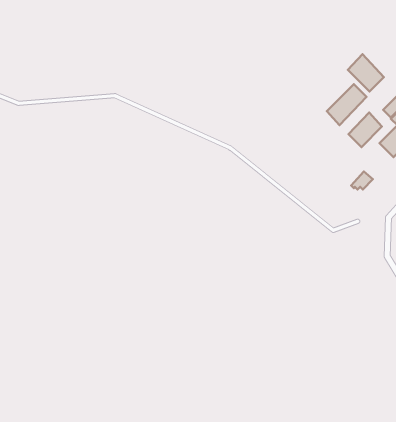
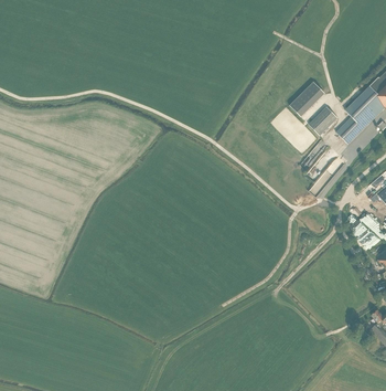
building: [348,54,384,91] -> none

